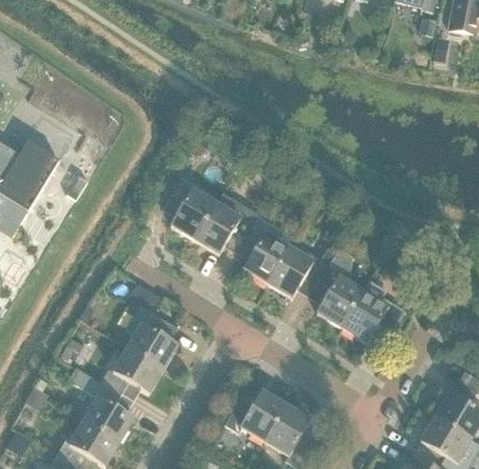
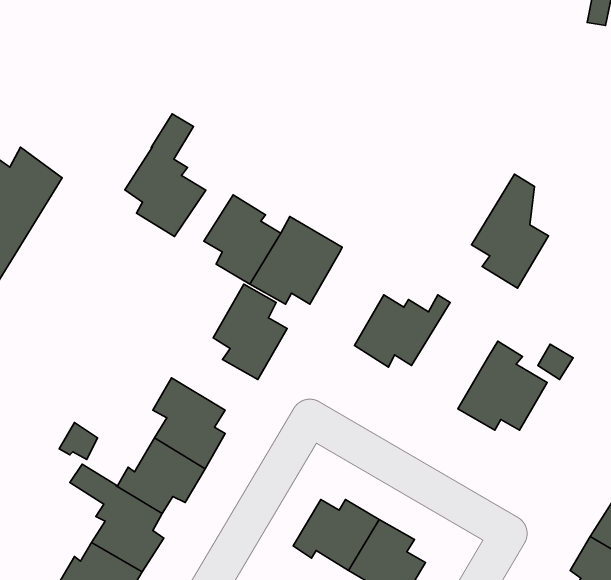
building: none -> [125,114,206,236]
building: [236,215,288,282] -> [213,284,287,379]
building: [307,246,362,327] -> [471,174,548,288]

